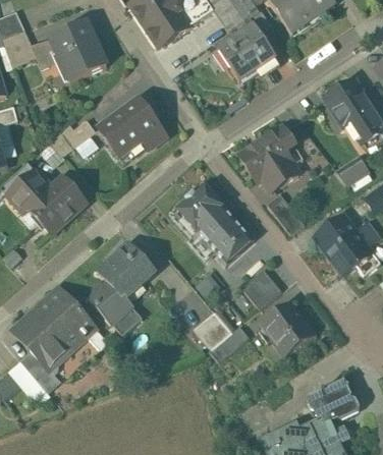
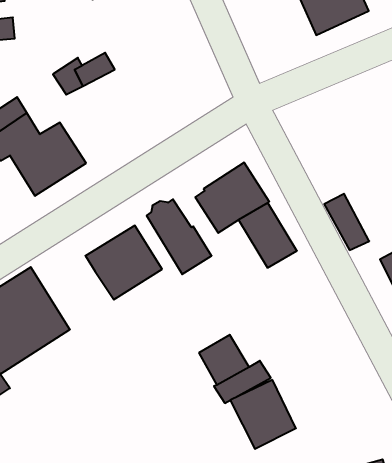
building: [99,99,165,158] -> none
building: [239,126,299,190] -> none
building: [241,268,282,308] -> none
building: [90,281,143,335] -> [147,199,212,274]
building: [262,302,314,355] -> [230,380,296,449]

